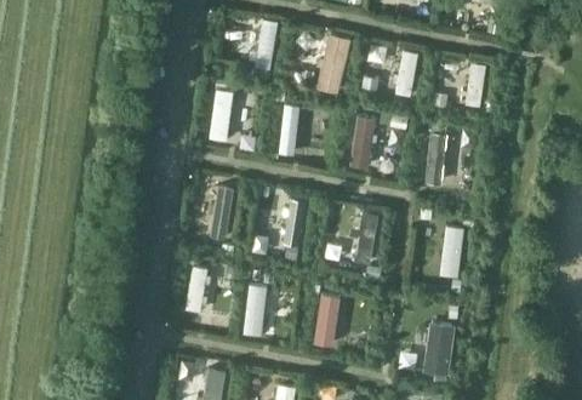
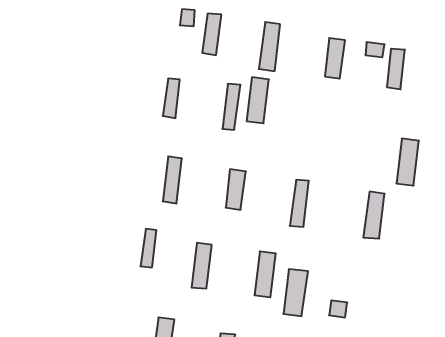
building: [350,115,376,167] -> [247,77,269,123]
building: [426,133,451,187] -> [396,139,419,186]
building: [424,322,452,376] -> [283,269,308,316]

